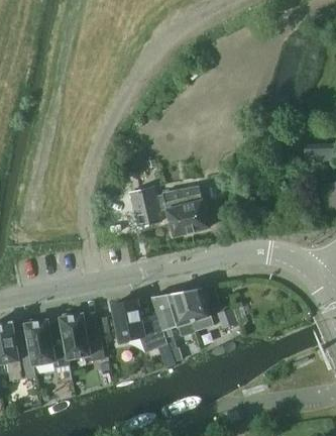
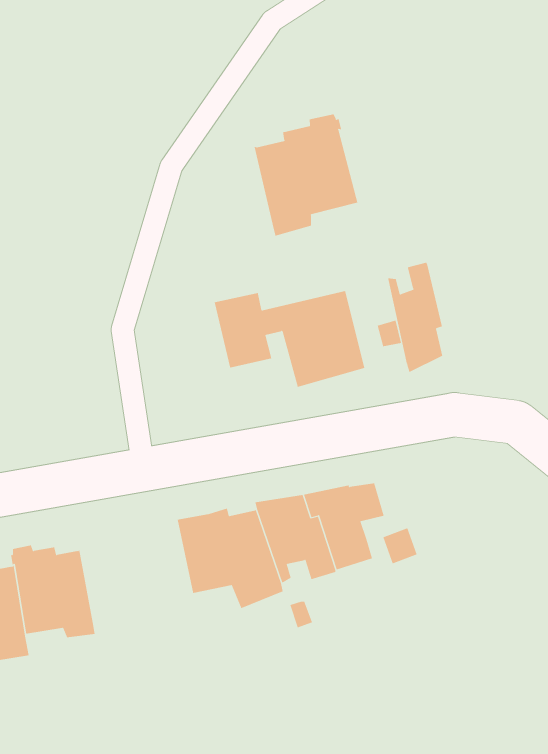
building: none -> [254,114,358,236]
building: none -> [387,262,443,373]
building: [60,313,104,361] -> none

